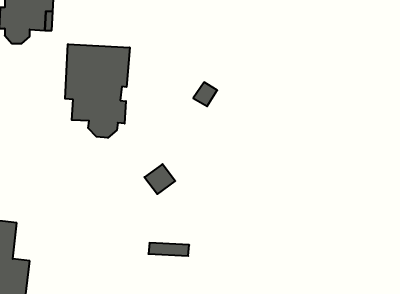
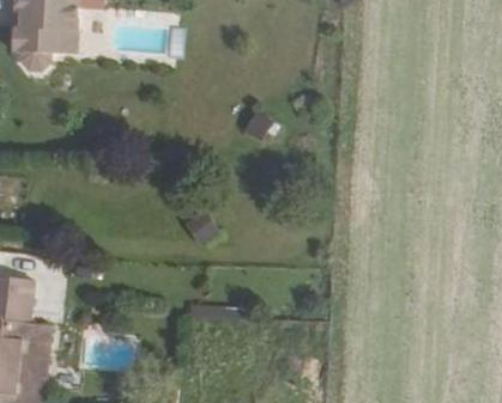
building: [65,44,130,138] -> none

